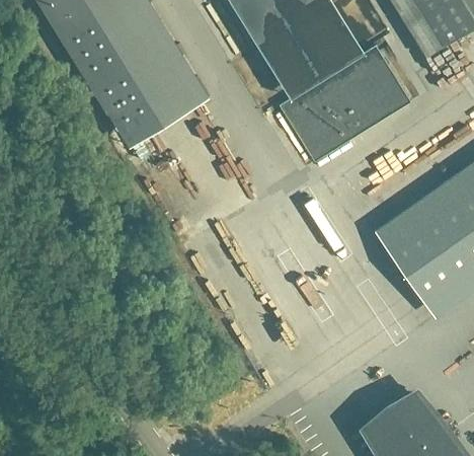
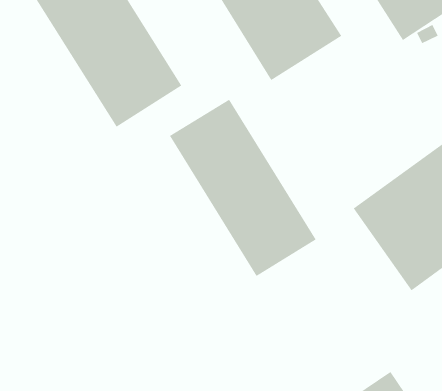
building: [280,45,411,160] -> none
building: none -> [169,99,317,277]

